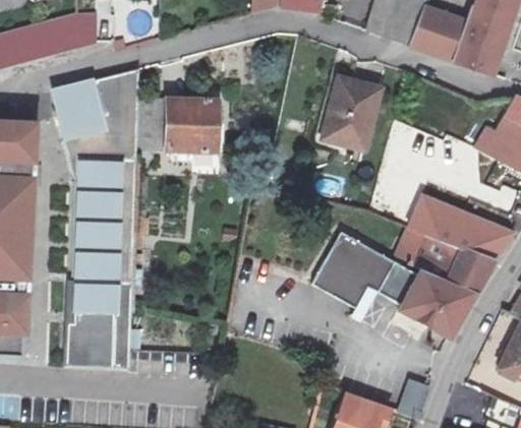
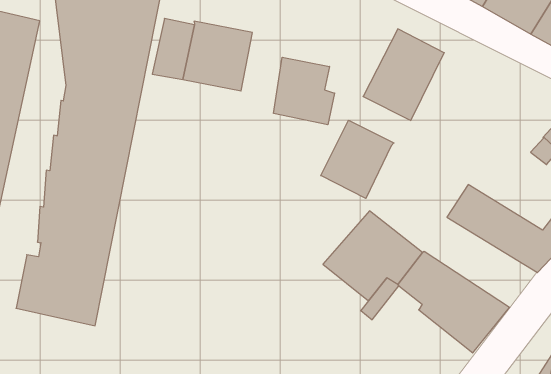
building: none -> [274,57,335,125]
building: none -> [321,120,394,198]
building: [395,228,494,295] -> none

